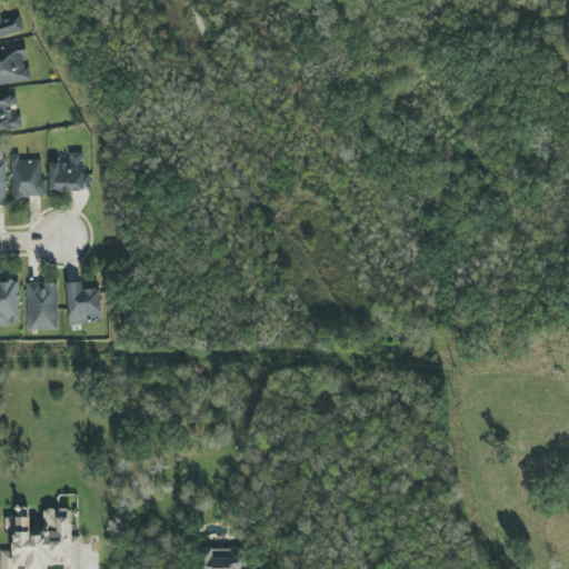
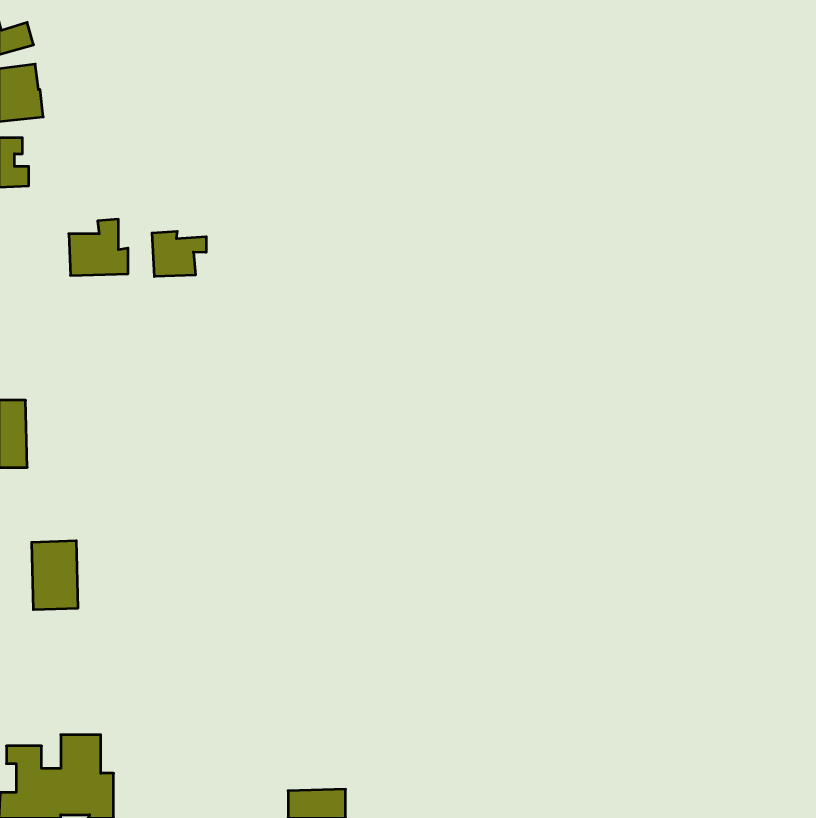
building: [10,153,42,198] -> none
building: none -> [152,231,206,277]
building: [26,282,58,330] -> [32,541,78,610]
building: [67,282,100,323] -> none

